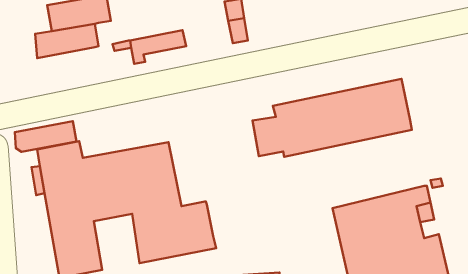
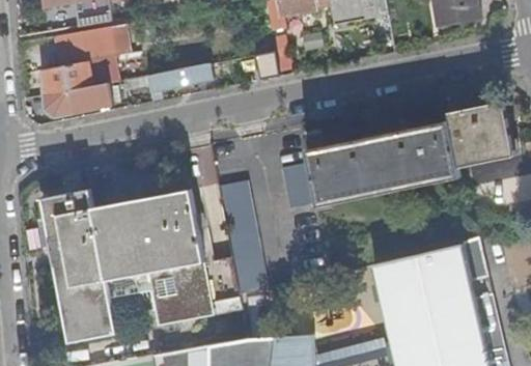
building: none -> [447,101,513,166]
building: [15,121,76,152] -> [44,84,112,118]
building: none -> [217,179,269,294]

